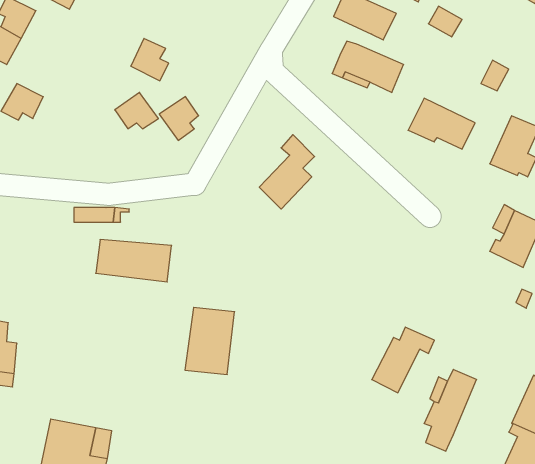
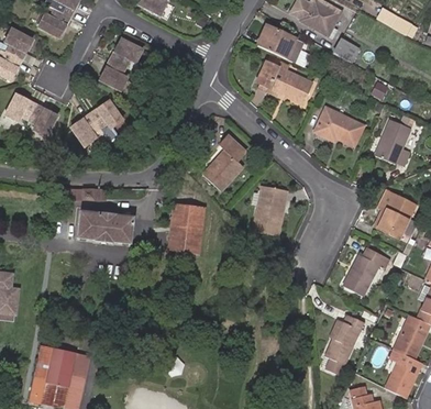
building: none -> [114,40,146,68]
building: [159,97,199,140] -> [73,114,102,147]
building: none -> [31,104,59,137]
building: none -> [252,183,284,234]
building: [185,307,235,374] -> [169,204,207,255]
building: [372,327,434,393] -> [343,243,390,292]

